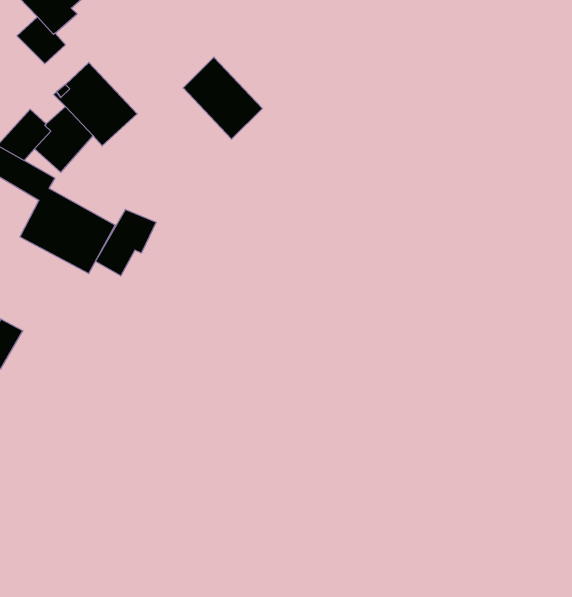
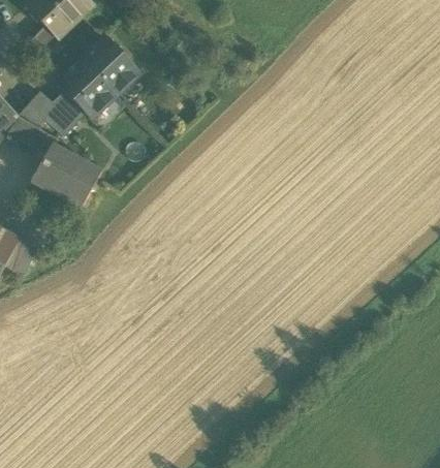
building: [183,57,262,139] -> [83,35,138,93]
building: [95,209,156,276] -> none

